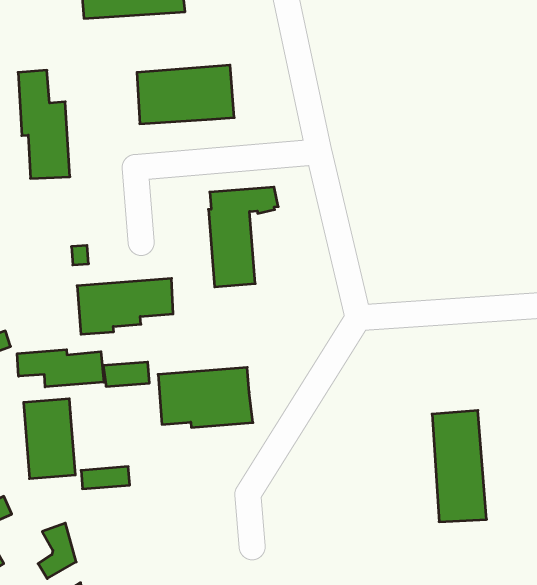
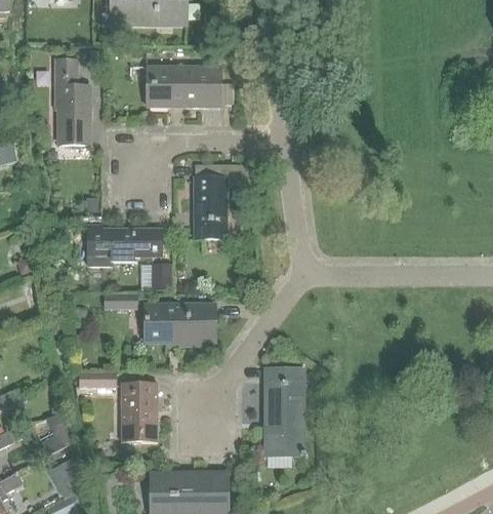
building: none -> [150,263,172,290]
building: [17,350,104,387] -> none
building: [24,399,75,479] -> [121,383,157,442]
building: [432,410,487,522] -> [265,369,302,454]

